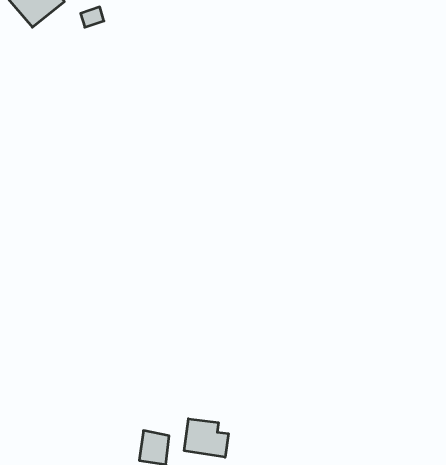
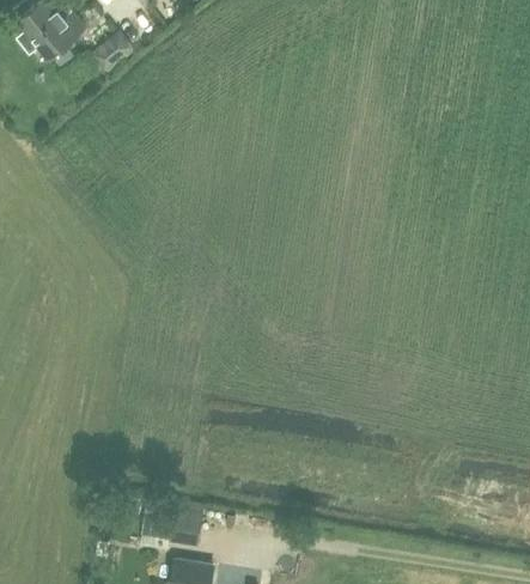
building: [184,419,228,457] -> none

